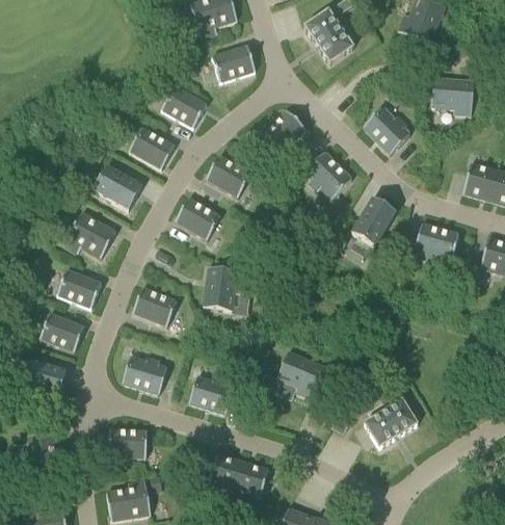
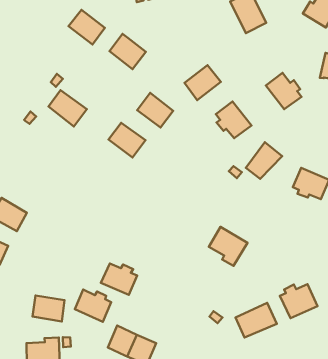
building: [212,45,256,82] -> none
building: [129,127,175,168] -> [69,10,105,44]
building: [63,212,116,258] -> none
building: [204,265,242,310] -> none
building: [57,269,102,308] -> none
building: [132,287,178,325] -> none
building: [277,350,325,397] -> [209,227,247,266]
building: [123,356,167,393] -> [75,289,111,322]
building: none -> [280,284,317,318]

